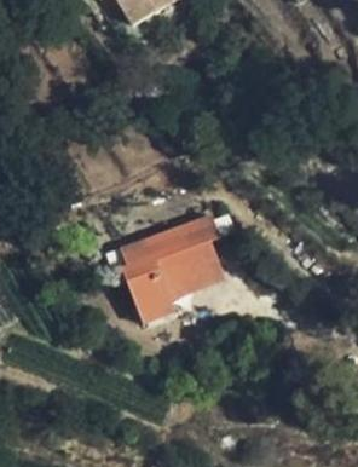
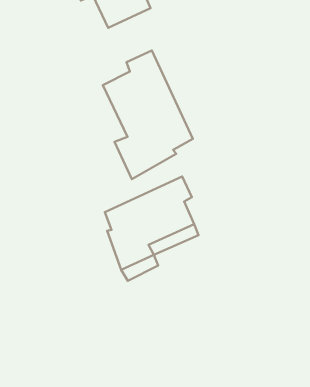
building: none -> [103,51,193,179]

